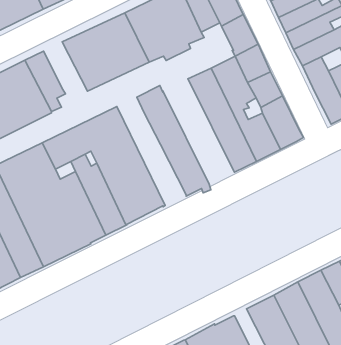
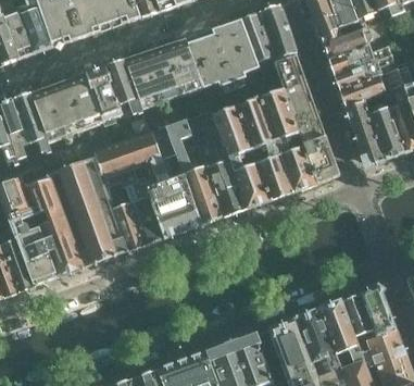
building: none -> [105,59,142,111]
building: none -> [213,107,272,208]
building: none -> [168,119,224,223]

